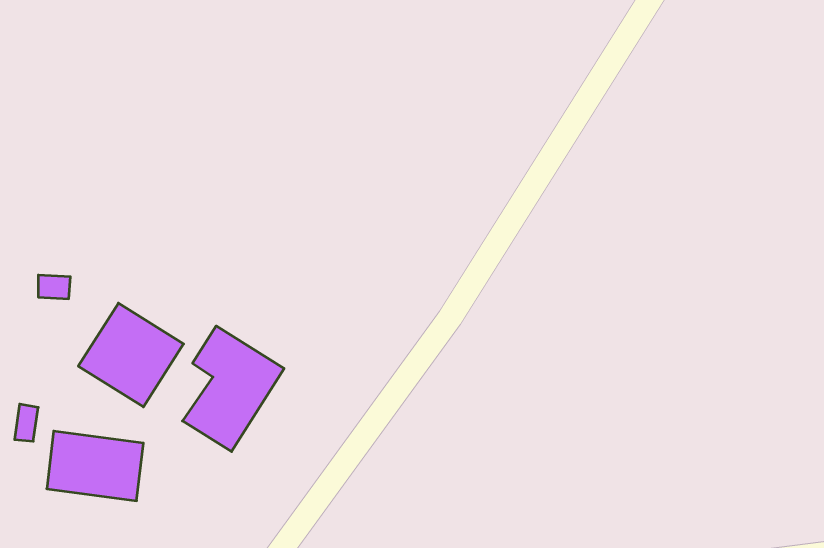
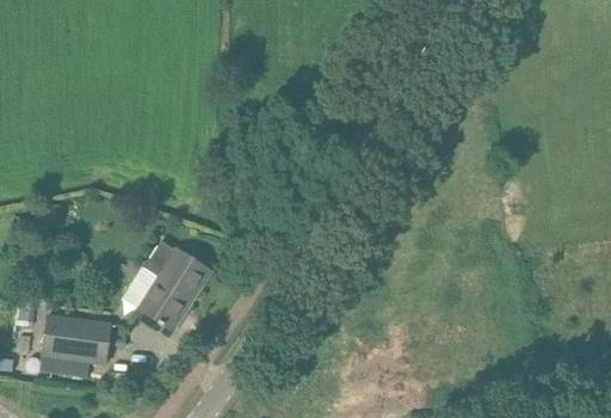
building: [78,303,184,407] -> none

